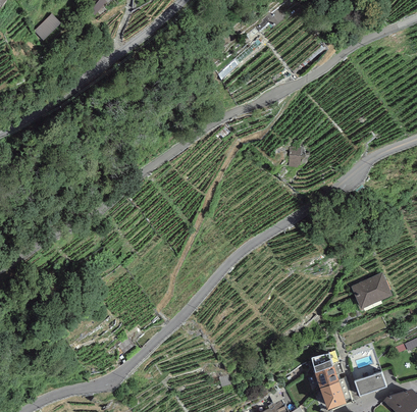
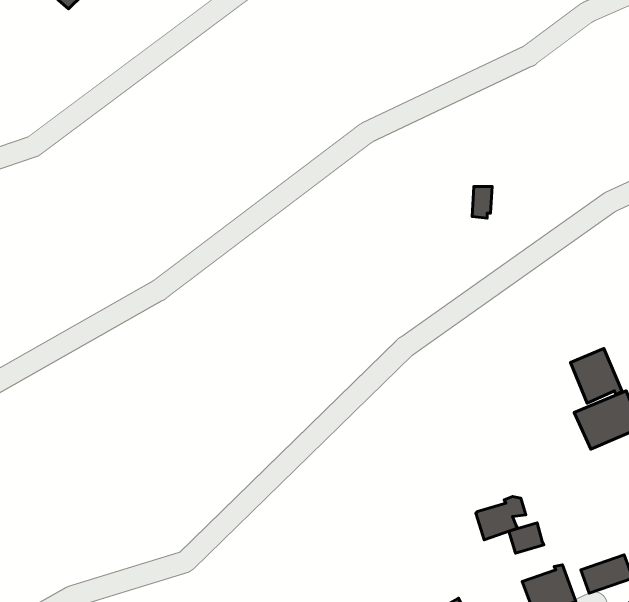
building: none -> [570,349,622,403]
building: [314,361,345,388] -> [476,496,526,540]

